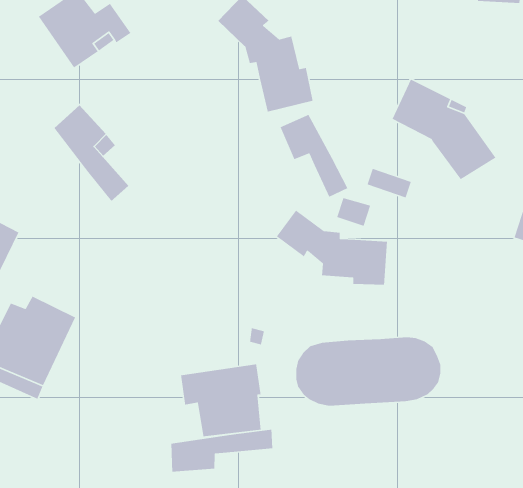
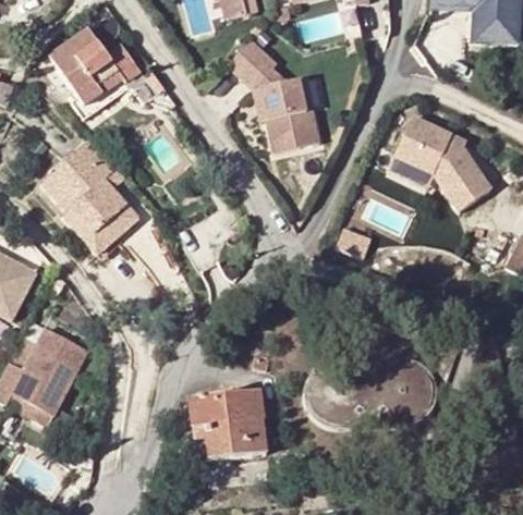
building: [279,114,349,198] -> none
building: none -> [42,164,122,256]
building: [276,210,388,285] -> none
building: [170,429,273,472] -> none

